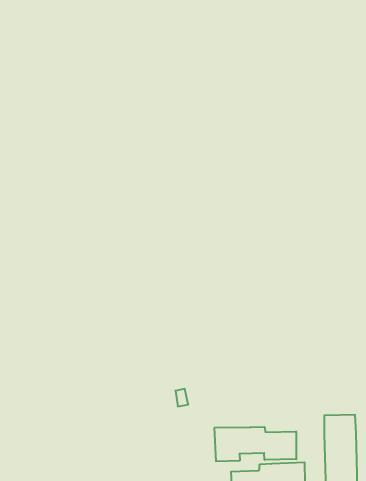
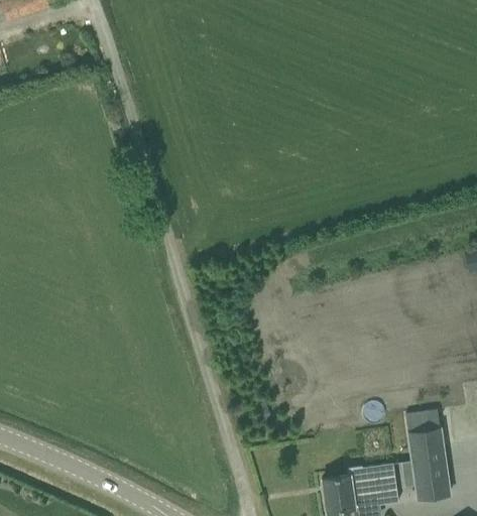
building: [215,427,296,461] -> none

